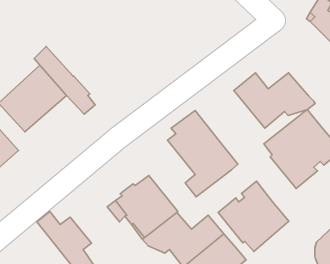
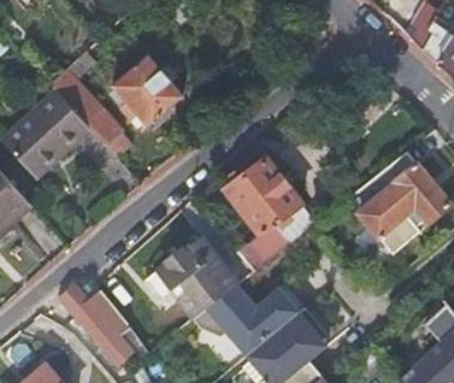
building: none -> [111,57,183,128]
building: [234,73,315,128] -> none
building: [218,181,289,252] -> none

